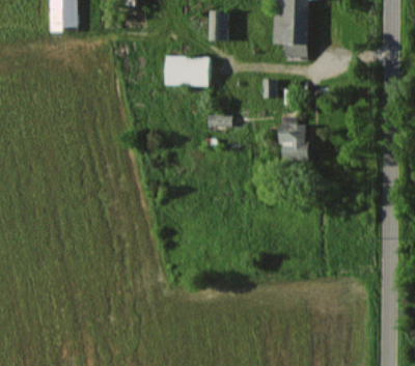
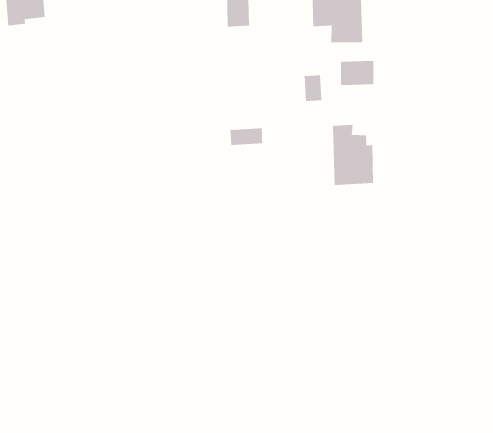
building: [165,57,210,87] -> none
building: none -> [341,60,374,86]

